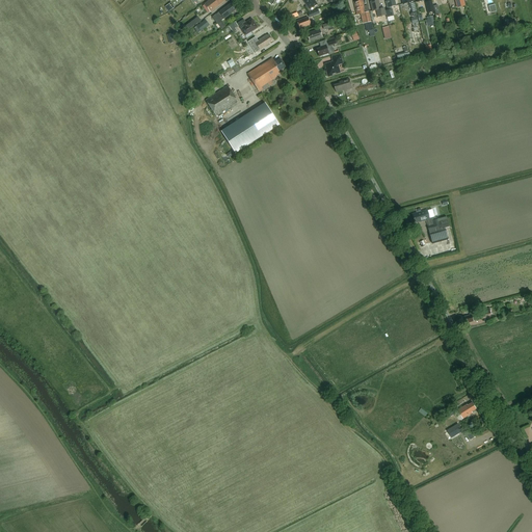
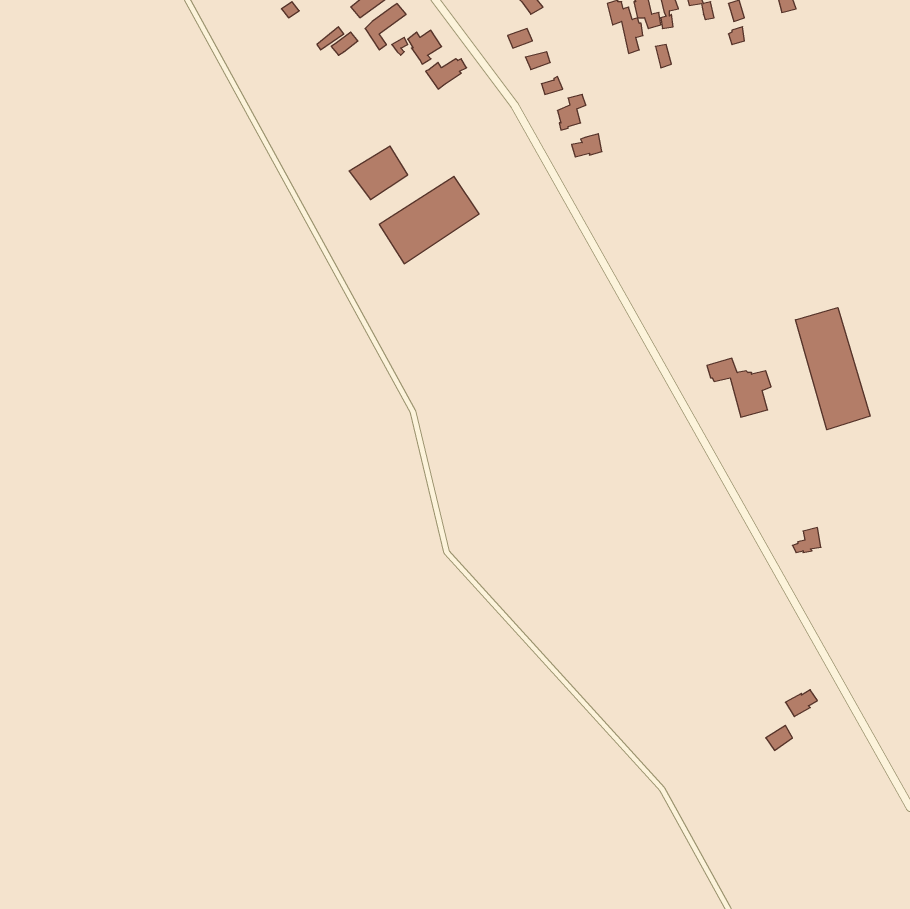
building: [247,57,285,91] -> none
building: none -> [795,308,870,430]

